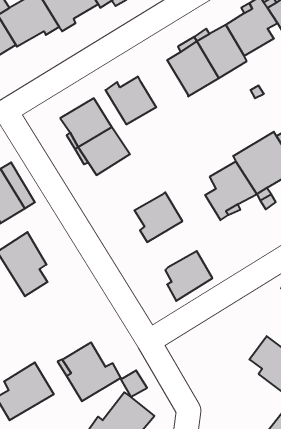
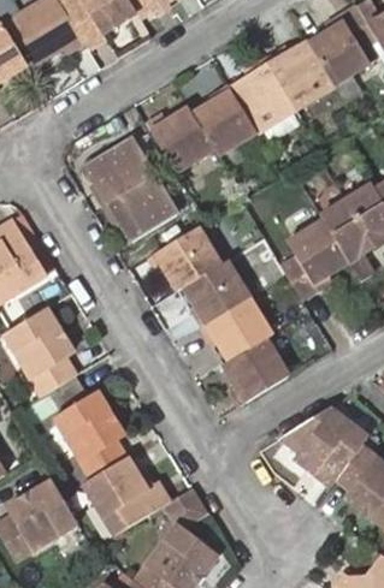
building: none -> [194,82,256,152]
building: none -> [152,226,221,287]
building: none -> [202,297,273,358]
building: none -> [57,394,124,480]
building: none -> [278,406,370,487]

